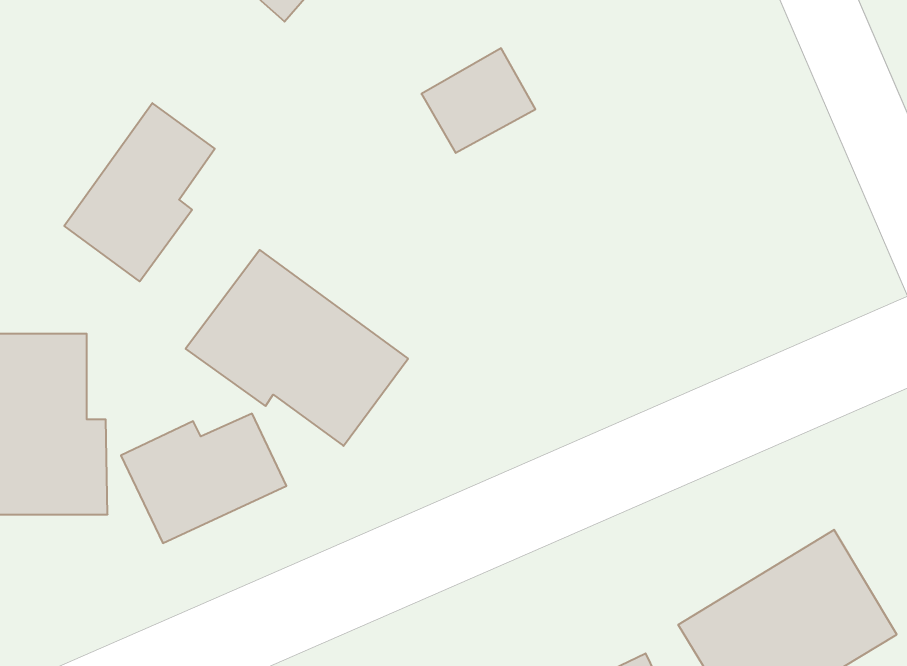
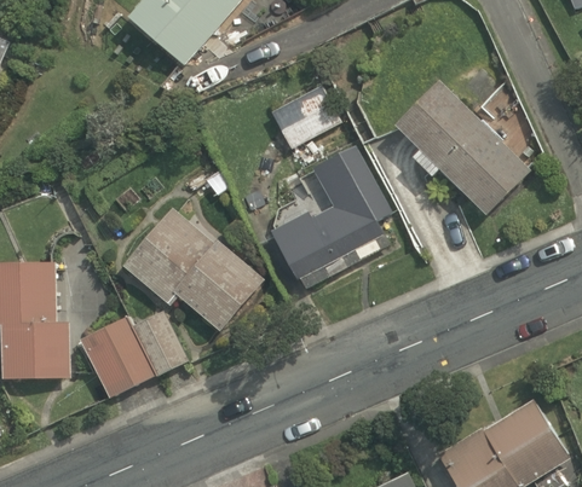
building: none -> [391,79,525,216]
building: [64,103,215,281] -> none
building: none -> [272,144,390,286]

